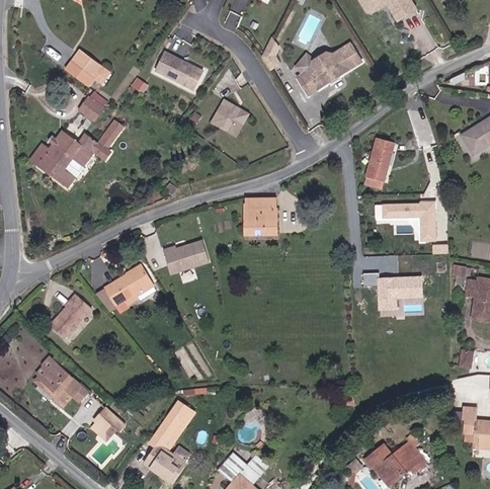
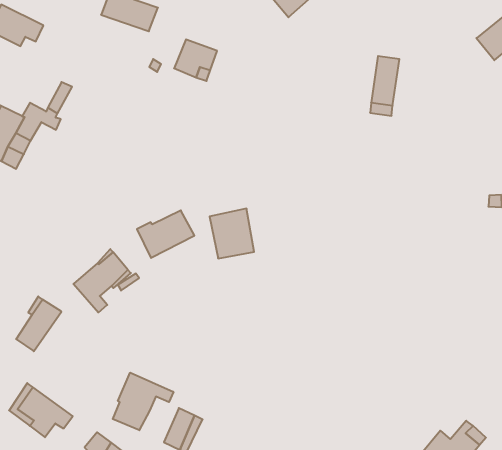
building: [78,88,109,119] -> none
building: [244,195,276,233] -> [210,209,254,258]
building: [382,201,434,240] -> none
building: [362,271,421,308] -> none
building: none -> [113,373,173,430]

